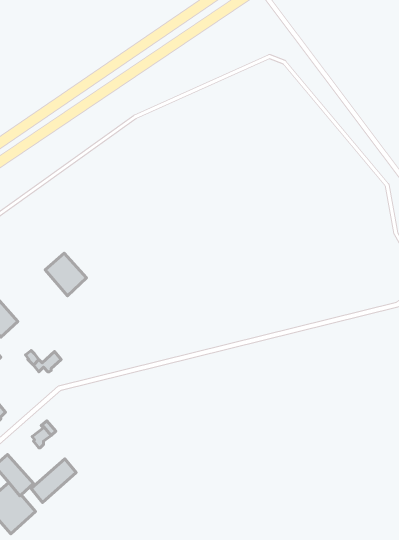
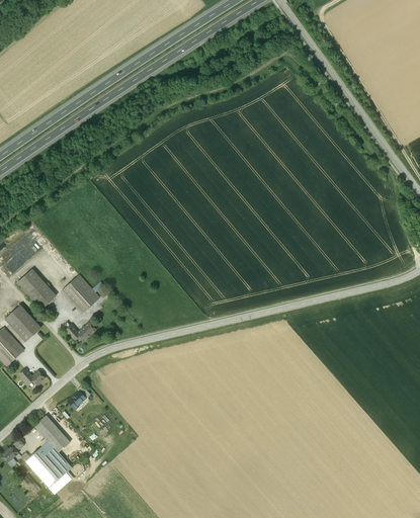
building: [45,253,87,296] -> [62,275,99,314]
building: [31,459,76,502] -> none

